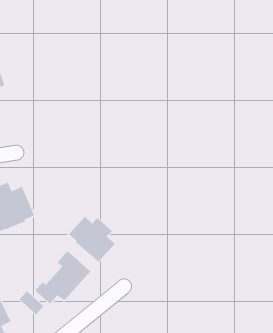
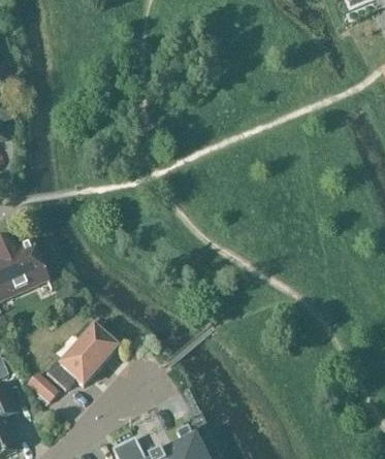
building: [68,216,115,262] -> none

